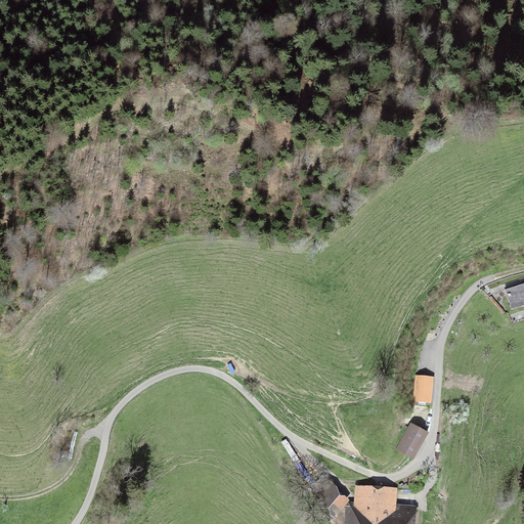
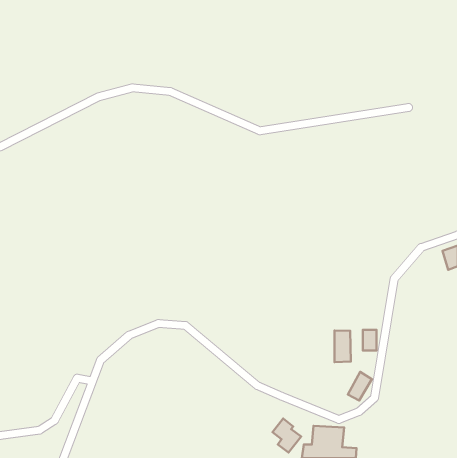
building: none -> [334,330,351,362]

